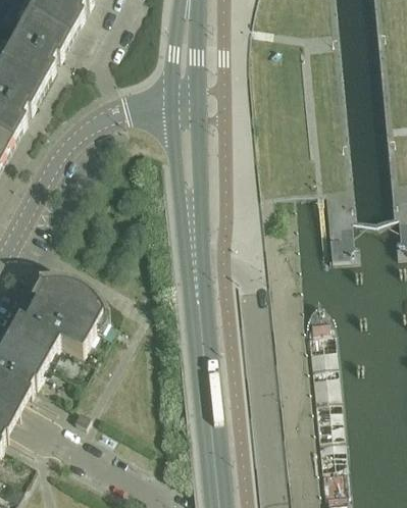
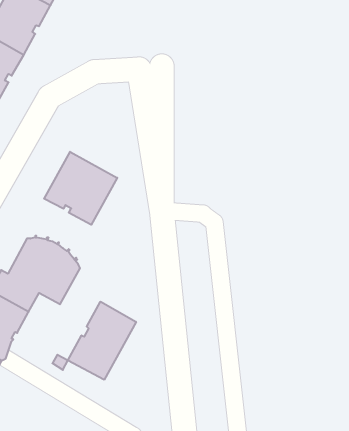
building: none -> [44,152,117,225]
building: none -> [68,302,136,380]

